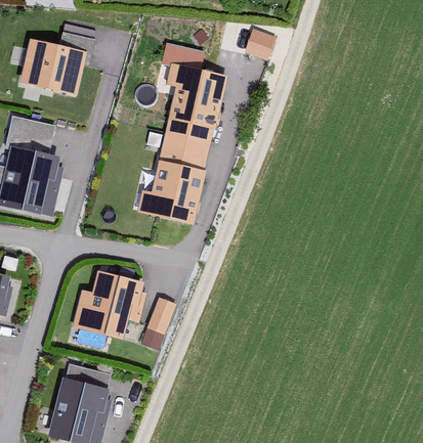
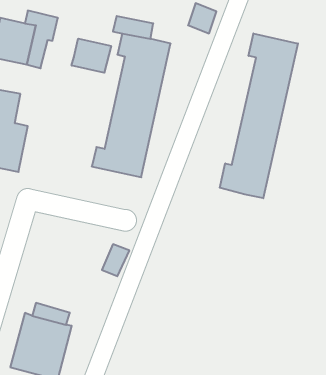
building: none -> [220,33,298,198]
building: none -> [72,39,111,73]
building: [73,267,143,337] -> none

